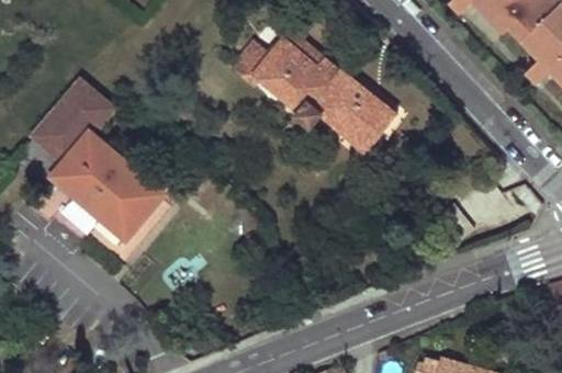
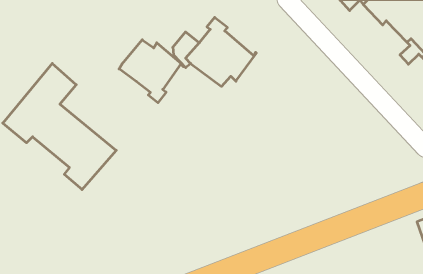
building: none -> [119,40,184,103]
building: [293,69,396,152] -> none

